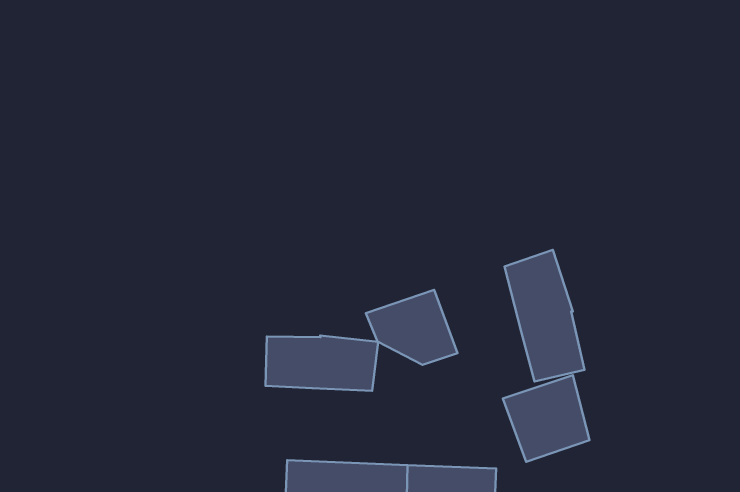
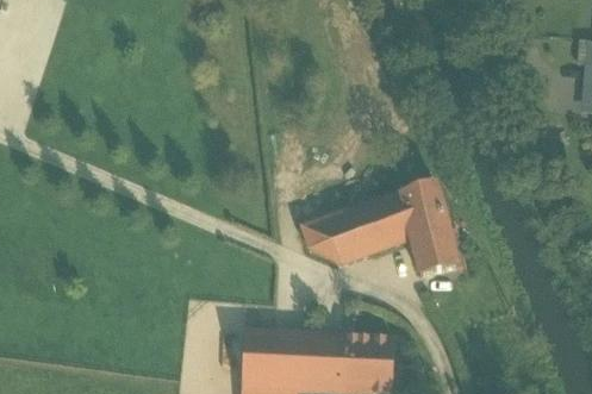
building: [266,336,378,391] -> none
building: [503,375,590,462] -> [349,193,411,255]

